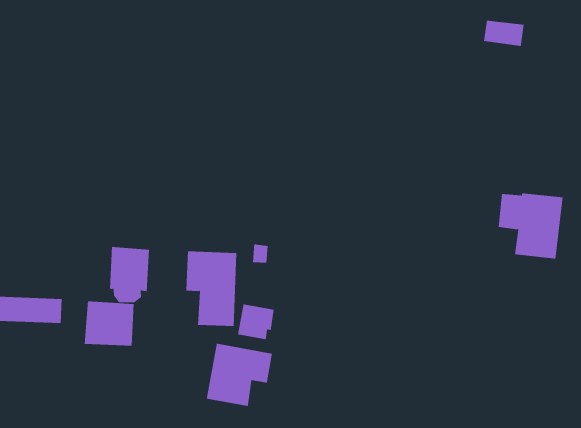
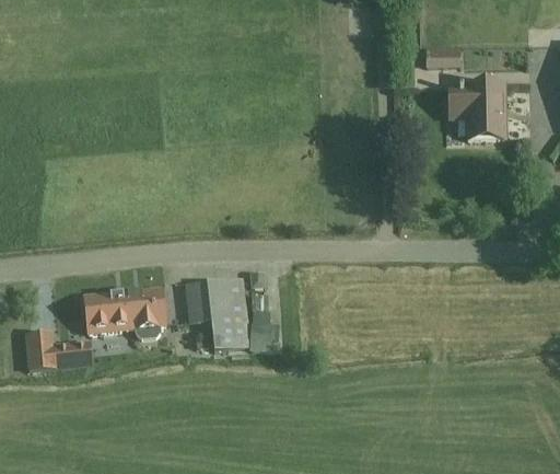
building: [498,193,564,259] -> [447,83,503,139]
building: [84,301,135,346] -> [85,290,130,332]
building: [206,343,272,407] -> none

